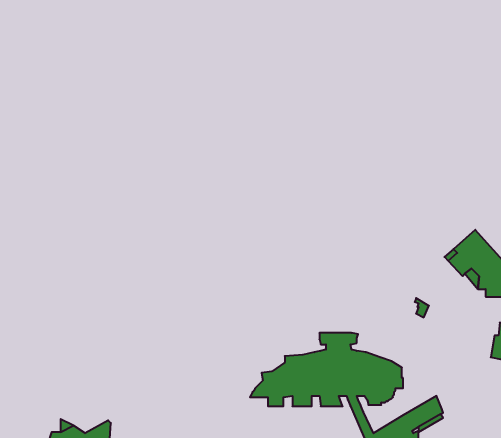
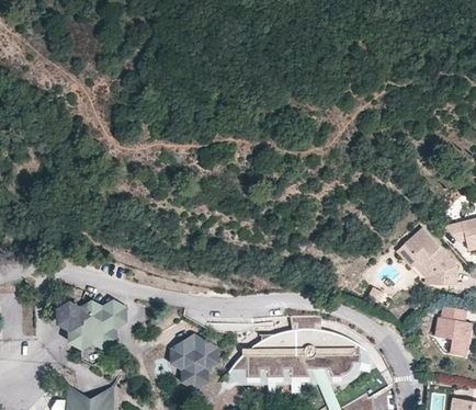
building: none -> [60,303,125,345]
building: none -> [174,337,216,385]

